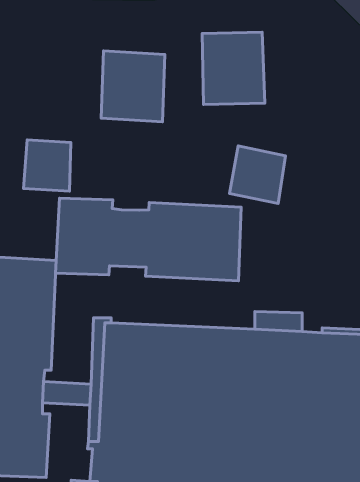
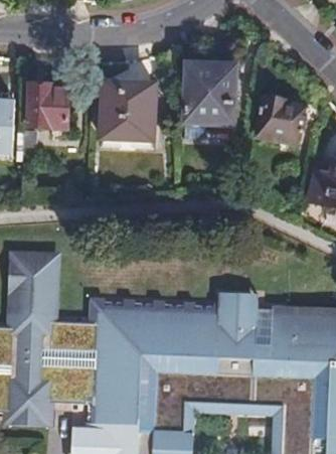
building: [23,140,71,191] -> [27,87,65,128]
building: [229,146,286,203] -> [256,98,301,144]
building: [56,198,241,281] -> none

